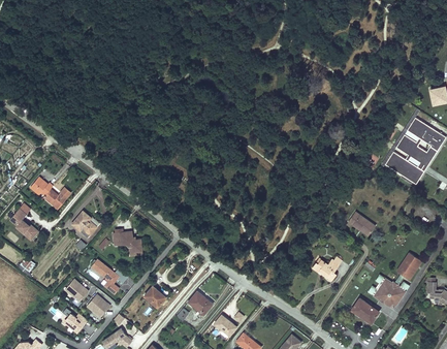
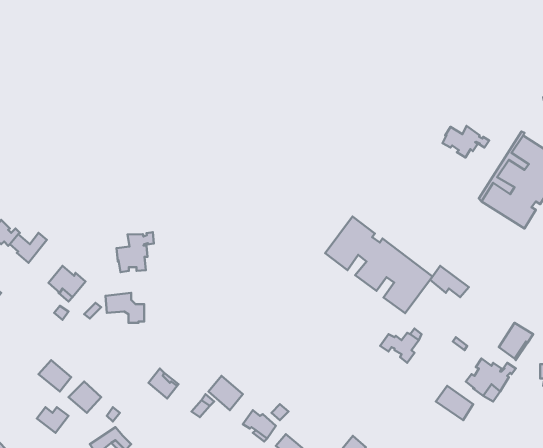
building: none -> [443,126,489,158]
building: none -> [325,216,433,313]
building: none -> [116,232,154,272]
building: [91,259,128,294] -> none

